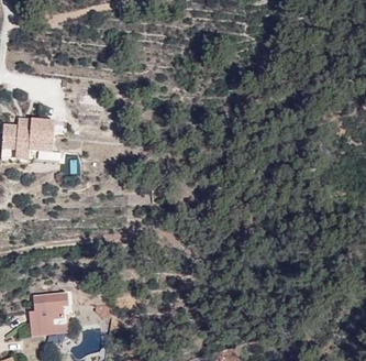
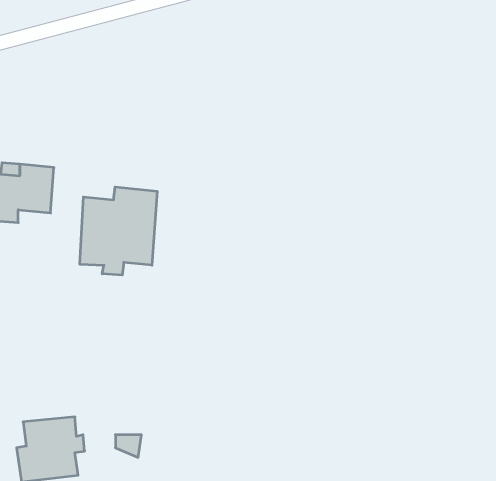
building: none -> [80,187,157,275]

